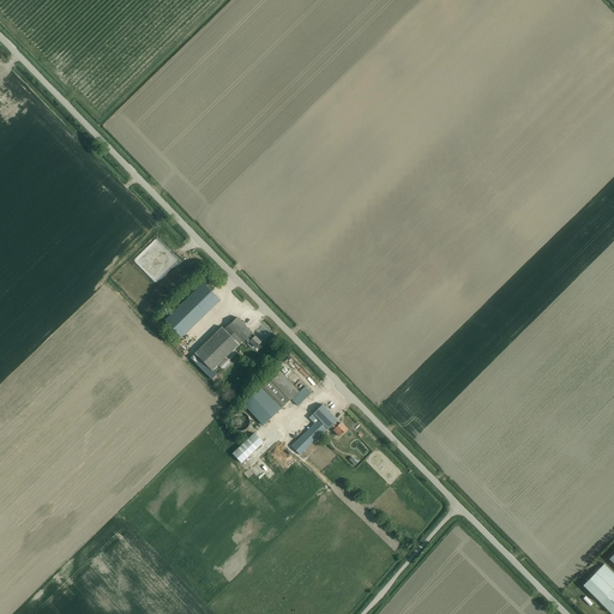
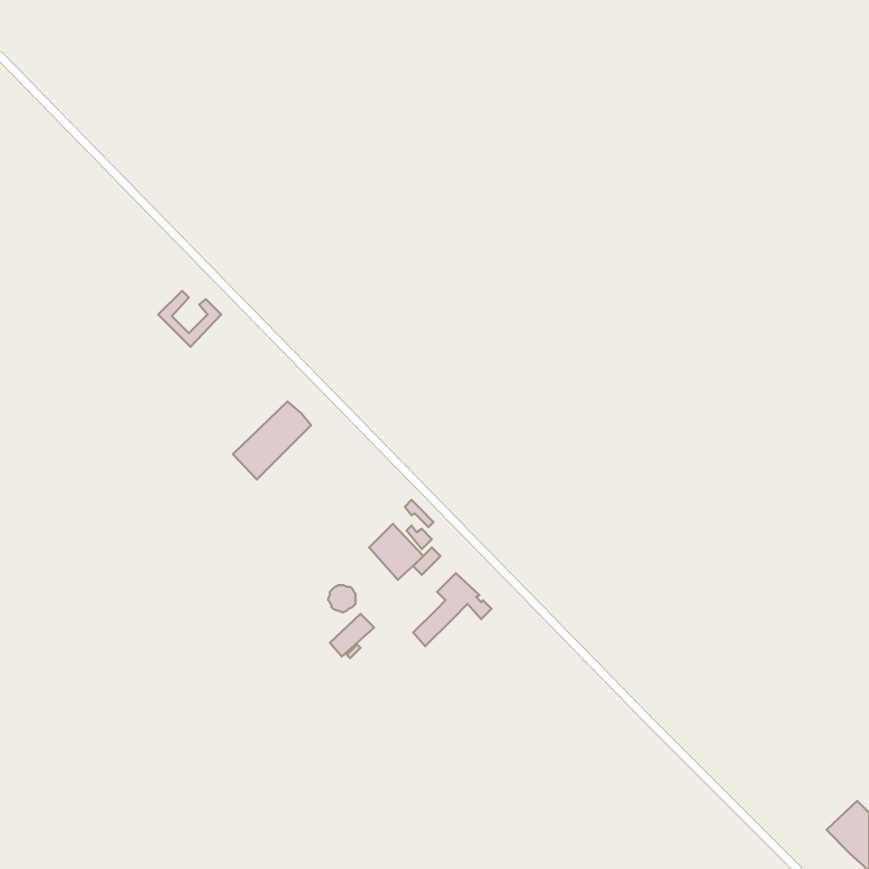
building: [133,241,177,281] -> [158,291,221,347]
building: [197,318,261,369] -> none
building: [242,386,281,425] -> none

